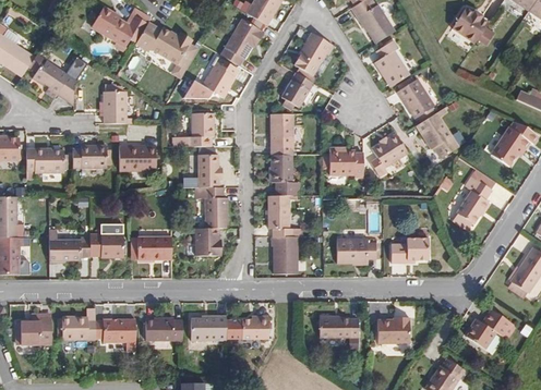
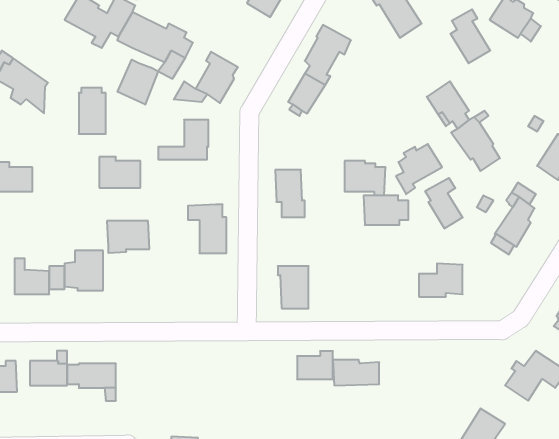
building: [221,17,264,64] -> none
building: [375,39,409,85] -> [450,9,490,63]
building: none -> [118,60,158,105]
building: [269,113,292,155] -> none
building: [73,144,106,168] -> none
building: [188,151,223,185] -> none
building: none -> [425,178,463,229]
building: [268,195,301,236] -> none
building: [195,226,220,252] -> none
building: [137,235,173,263] -> [107,221,149,253]
building: [338,237,376,263] -> [364,195,408,225]
building: [239,313,269,337] -> [297,351,333,379]
building: [188,314,223,338] -> none
building: [378,316,410,345] -> none
building: [144,317,180,339] -> none

